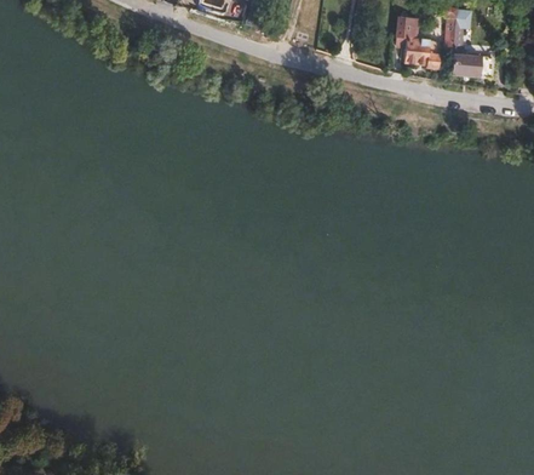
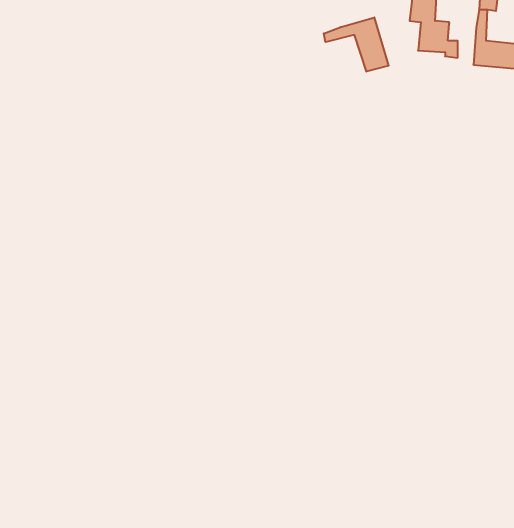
building: none -> [324,17,389,72]

